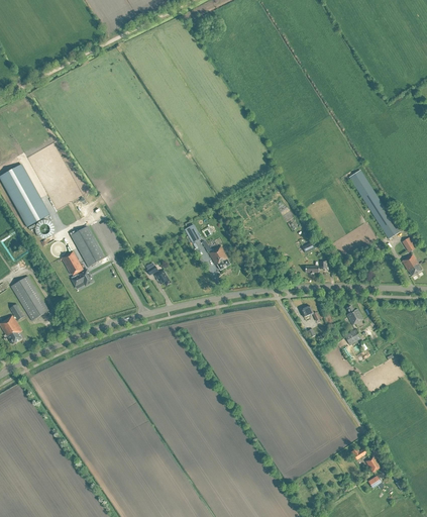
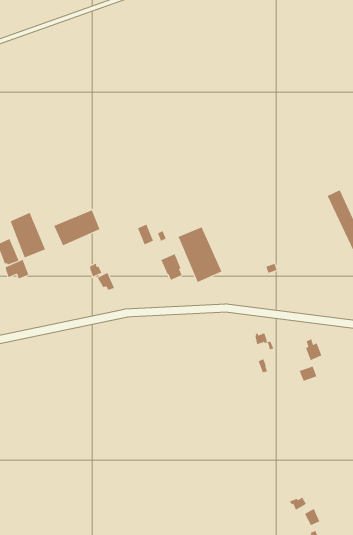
building: none -> [54,209,100,246]
building: none -> [178,226,222,283]

